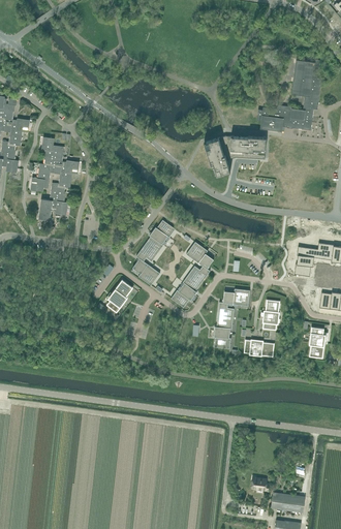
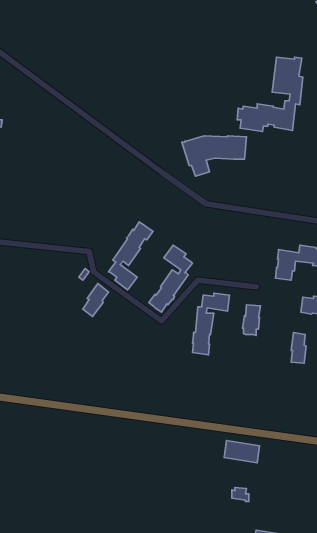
building: [31,138,79,221] -> none
building: [244,340,274,356] -> none
building: [271,492,305,514] -> [224,441,259,463]

